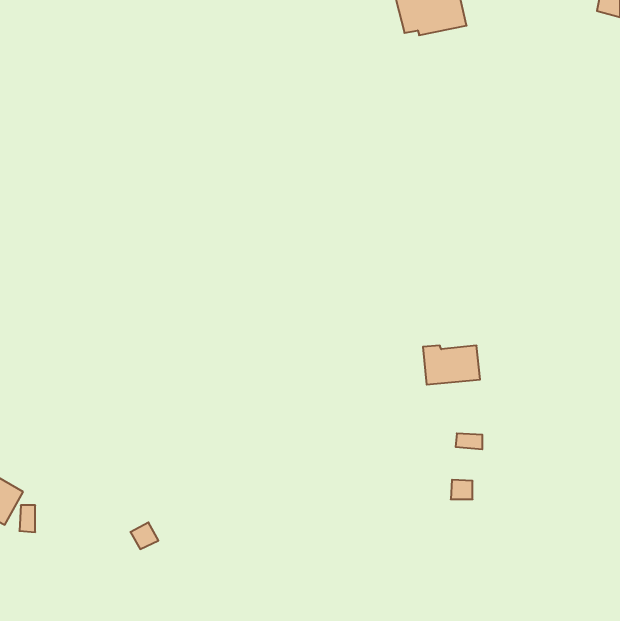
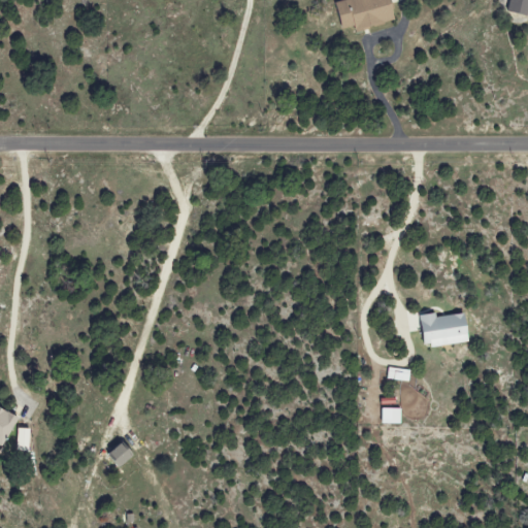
building: [423,346,480,385] -> [421,312,469,345]

